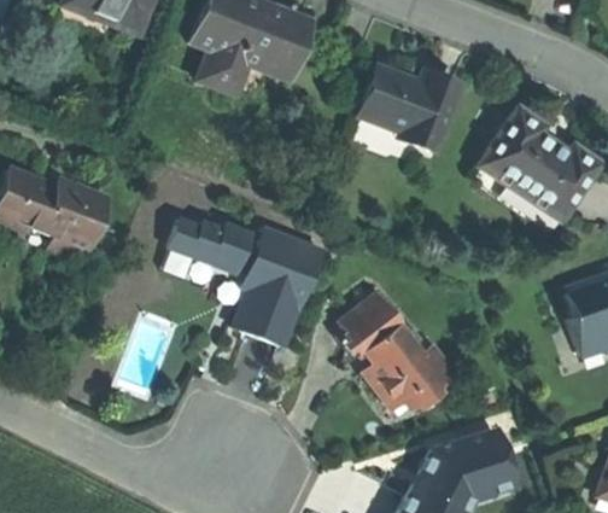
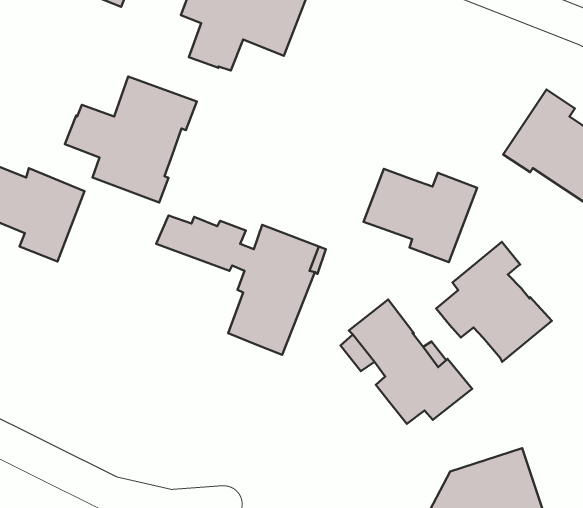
building: [359,68,461,151] -> [363,169,477,262]
building: none -> [65,77,197,203]
building: none -> [436,242,552,362]

